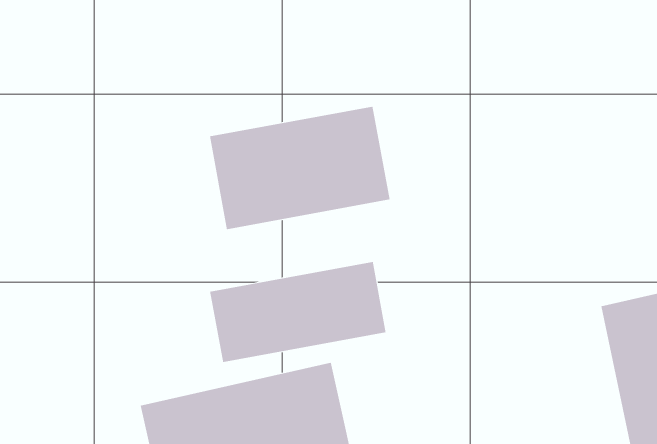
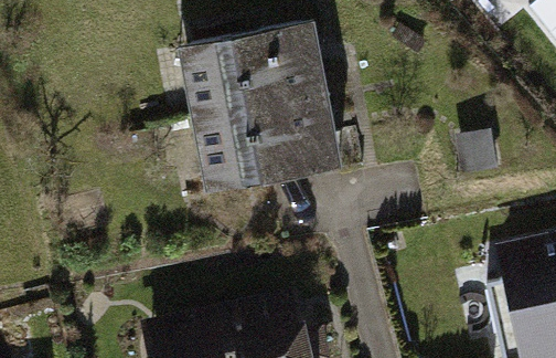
building: none -> [186,23,325,119]
building: [210,261,386,363] -> none

